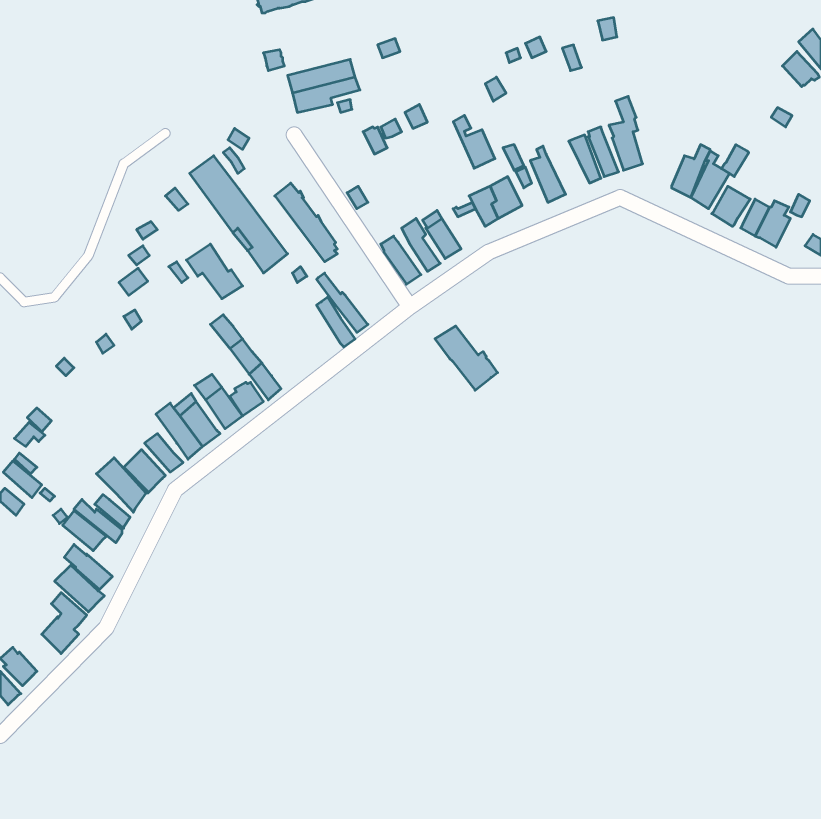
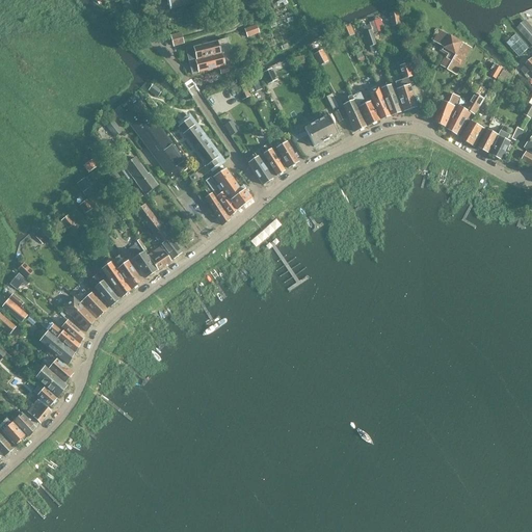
building: none -> [432,29,472,75]
building: [453,115,495,168] -> [352,91,379,126]
building: [435,326,498,390] -> [212,168,252,210]

